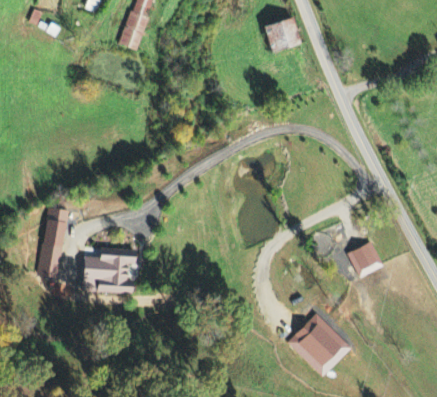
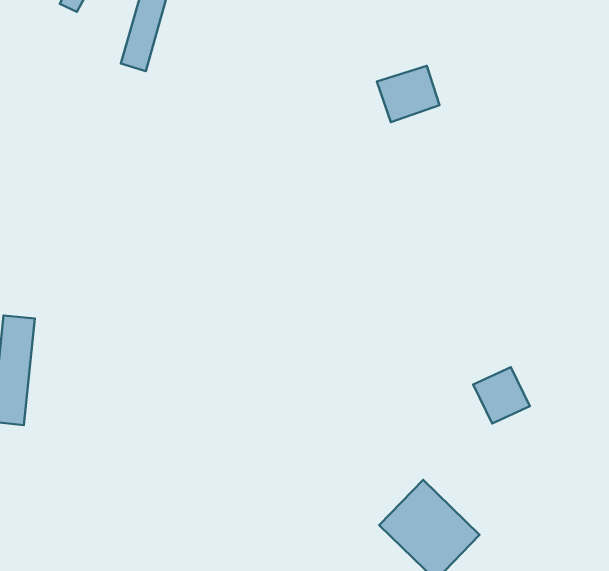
building: [261,16,301,52] -> [377,66,439,122]
building: [82,245,134,291] -> none

